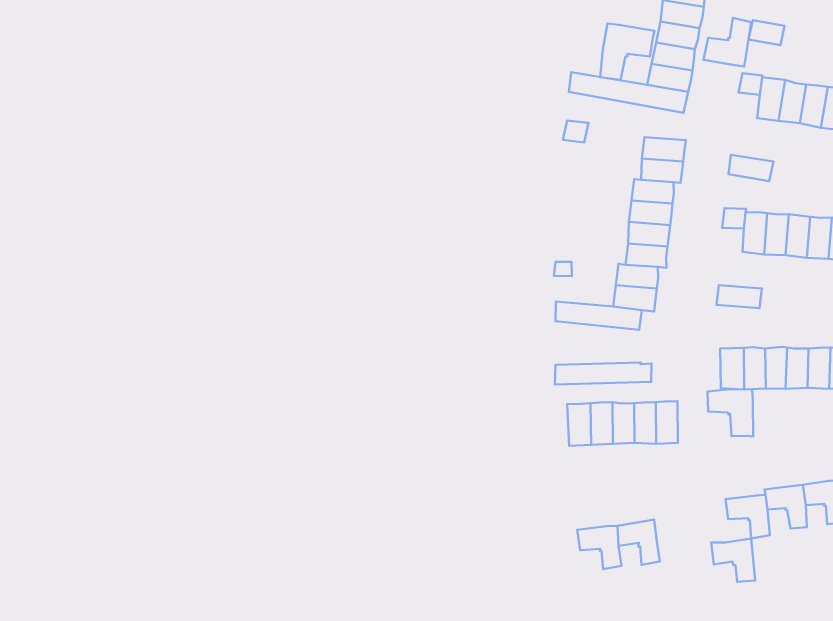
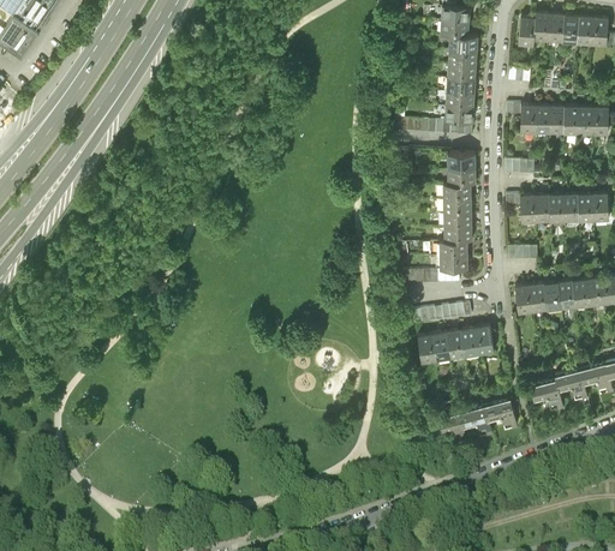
building: [704,18,751,66] -> none
building: [600,24,655,80] -> none
building: [707,389,753,436] -> none
building: [711,538,755,582] -> [484,400,517,430]

